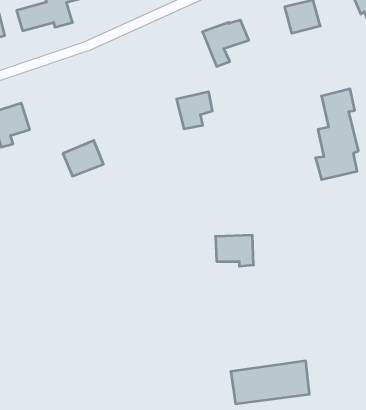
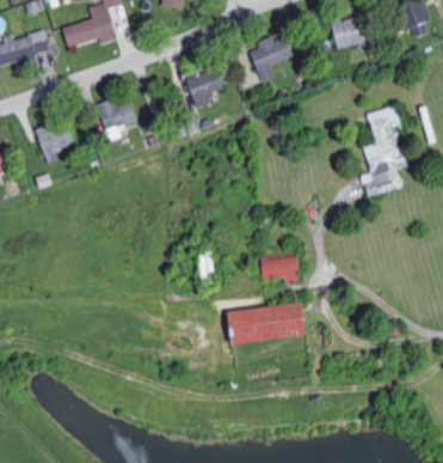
building: [177,92,212,129] -> [186,69,222,106]
building: [63,140,103,176] -> [96,95,136,130]
building: [231,361,309,404] -> [226,301,304,345]

